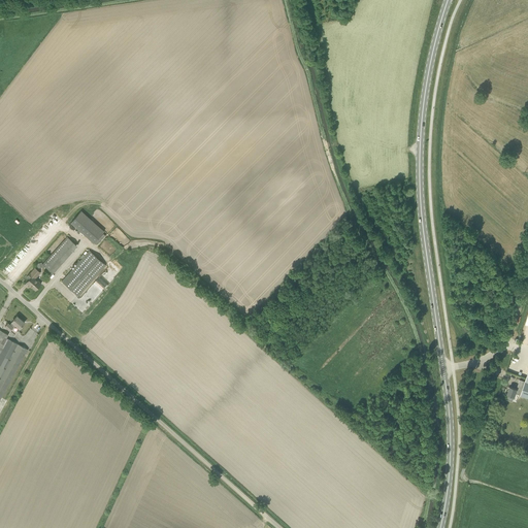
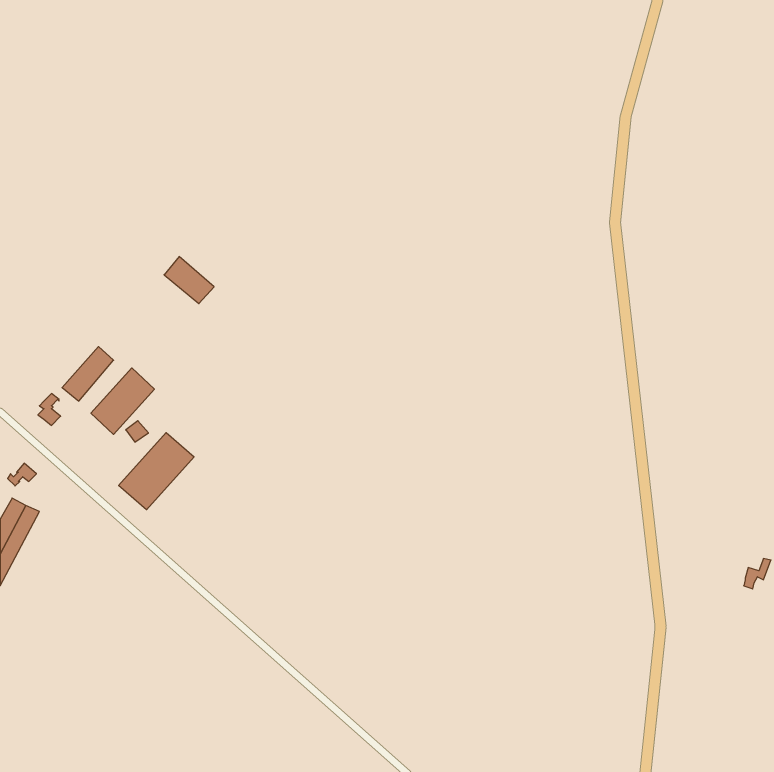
building: [70,211,104,243] -> [164,257,214,304]
building: none -> [119,433,194,510]

